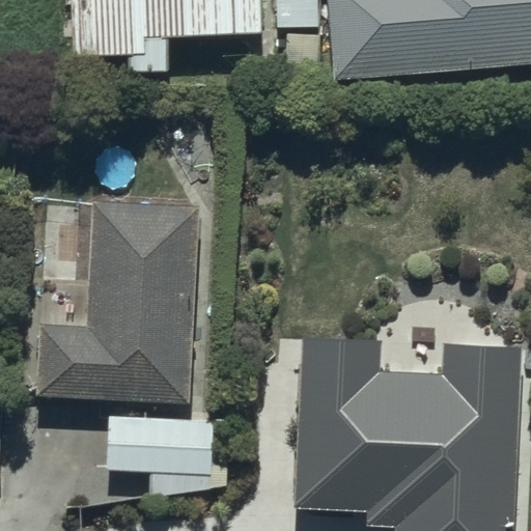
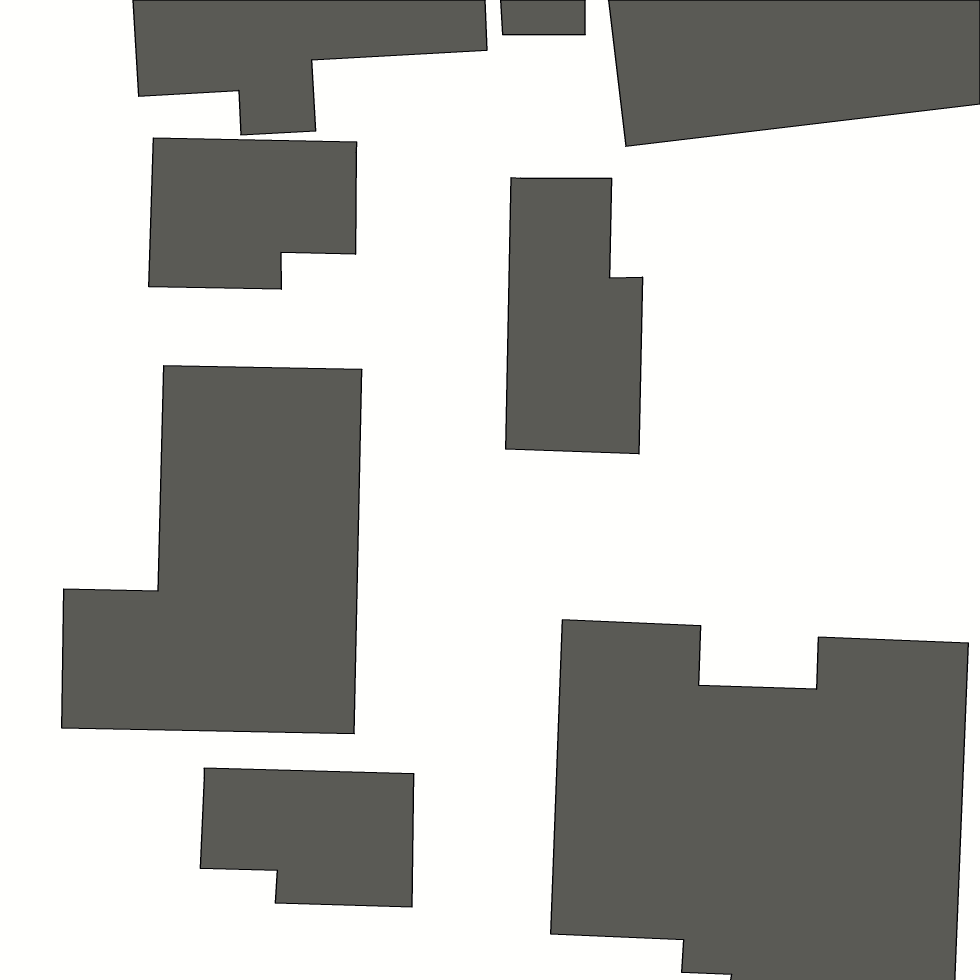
building: none -> [149,138,357,289]
building: none -> [506,178,642,454]

